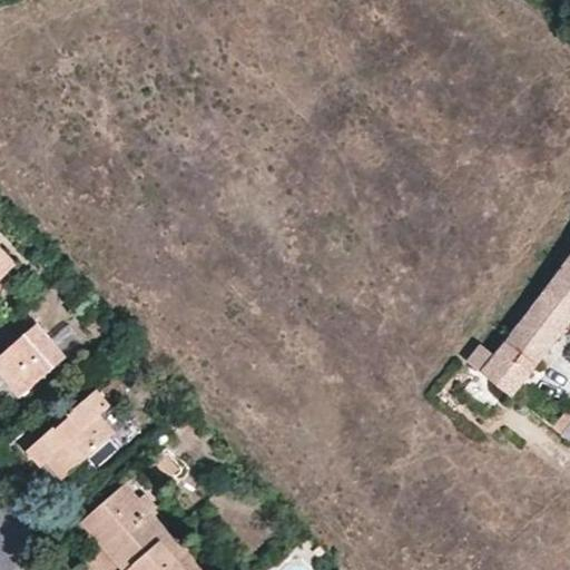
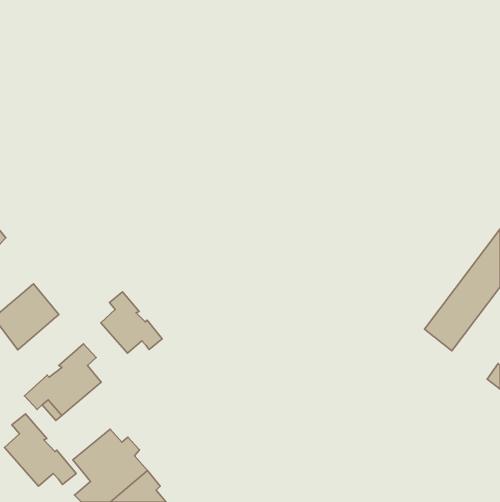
building: none -> [101,292,162,353]
building: none -> [4,414,76,486]

